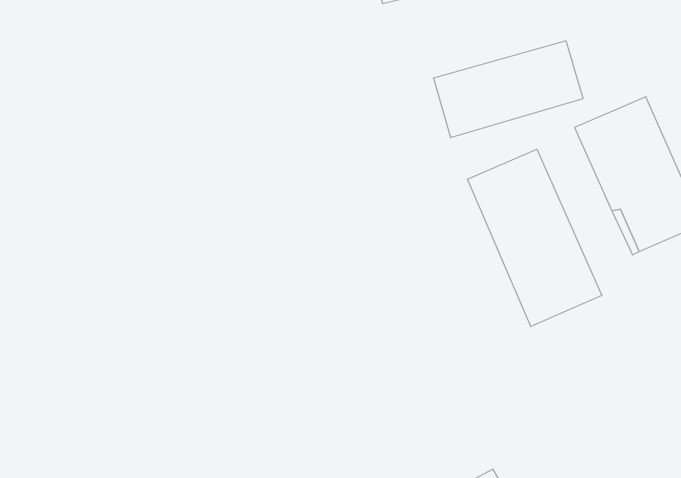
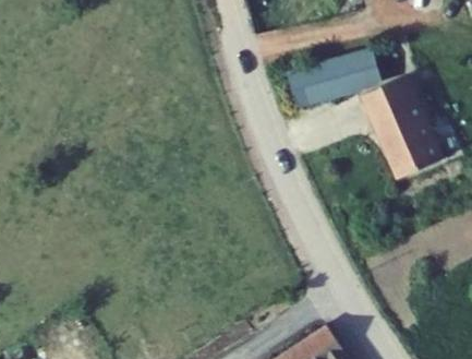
building: [467,149,602,327] -> none

